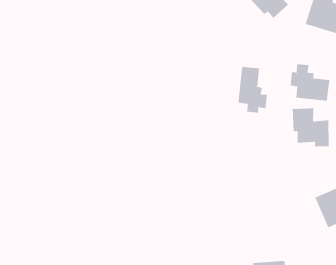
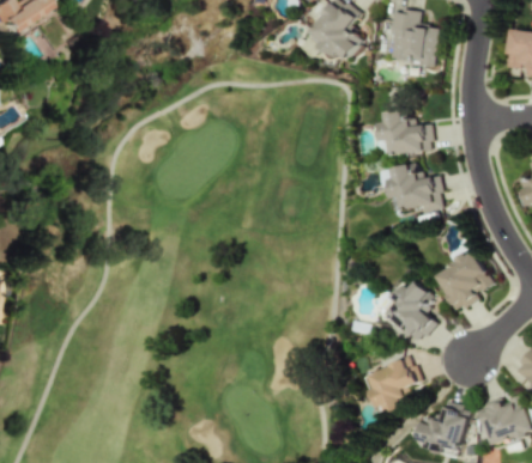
building: [238,66,267,113] -> none
building: none -> [387,279,436,343]

